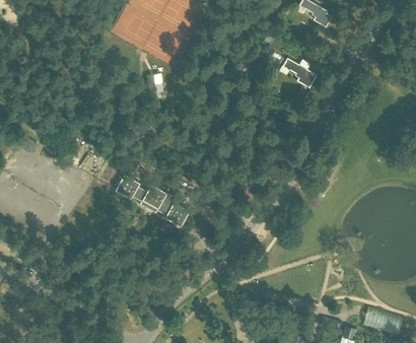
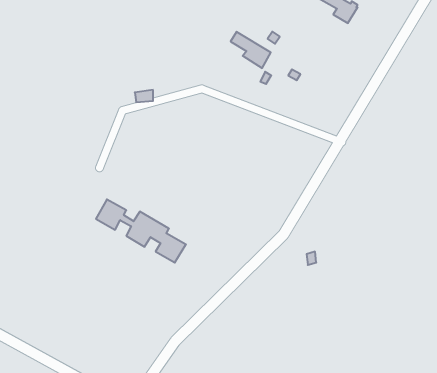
building: [281,57,315,87] -> [231,32,271,68]

